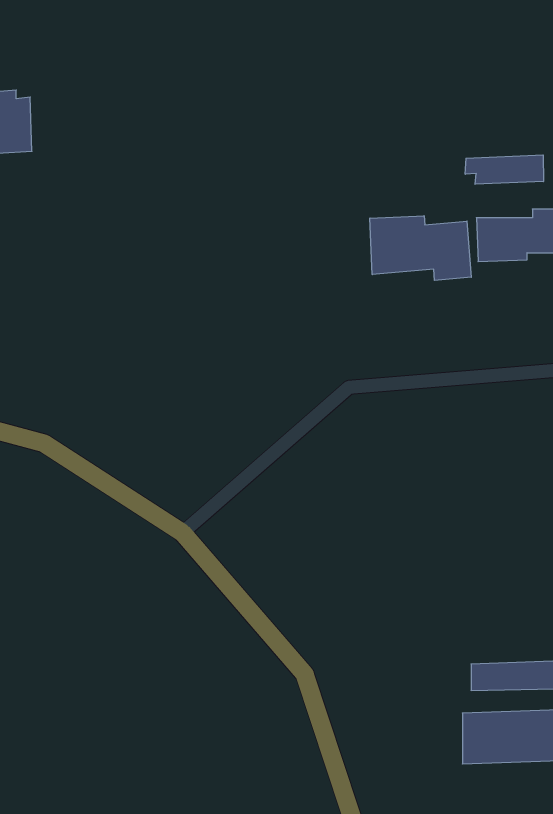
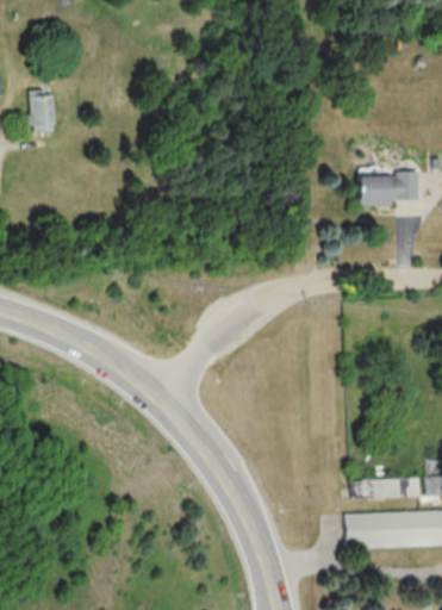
building: [465,155,543,184] -> none
building: [370,216,471,280] -> none

